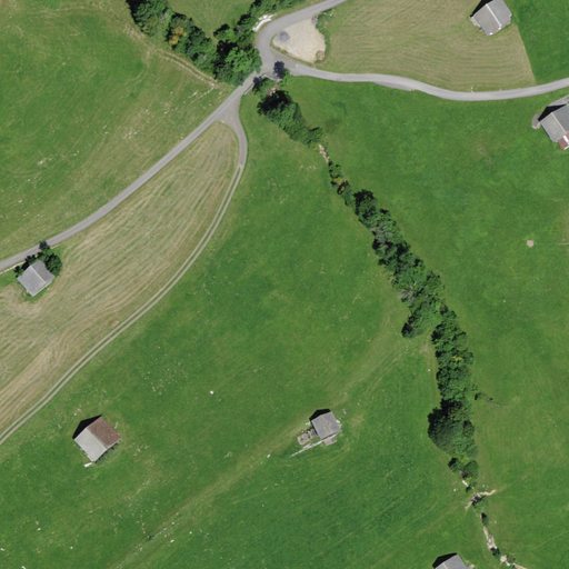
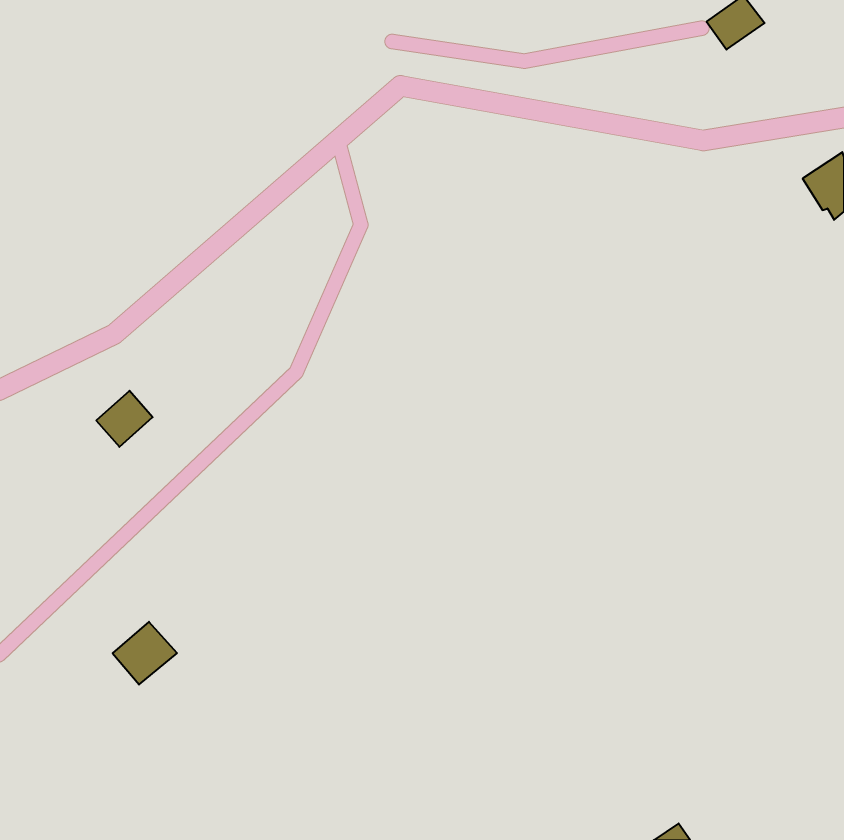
building: [16,258,53,296] -> [96,391,153,447]
building: [310,411,339,440] -> none

